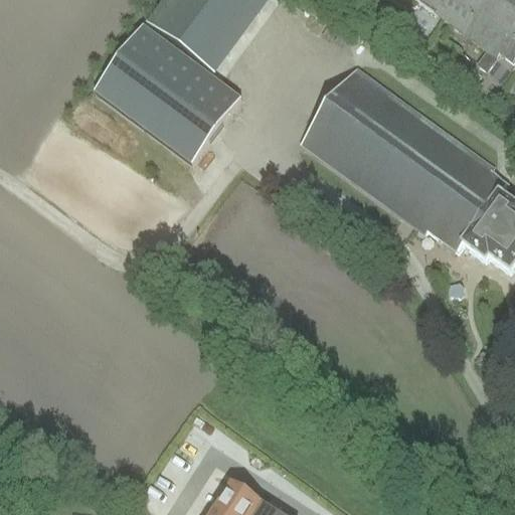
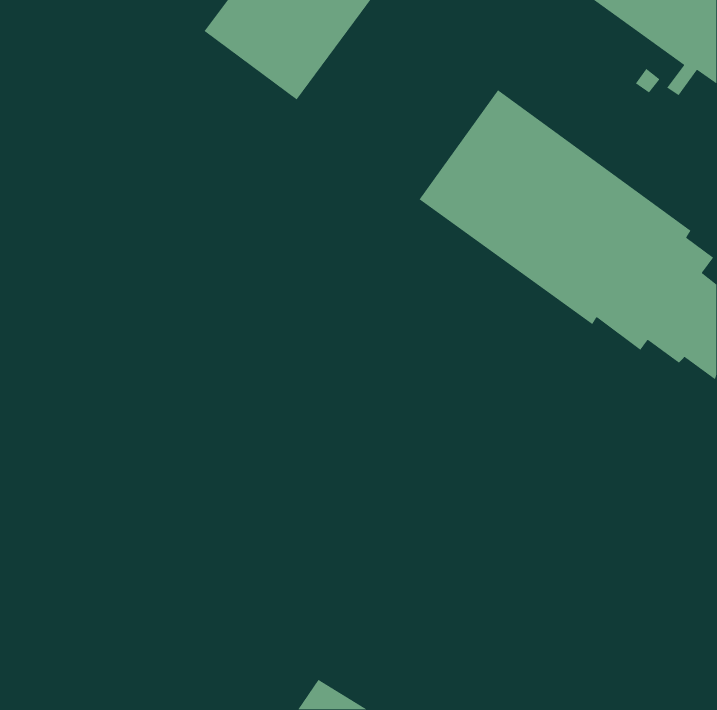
building: [92,24,239,164] -> none

